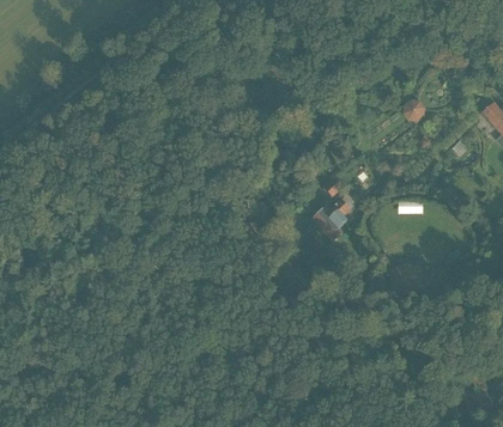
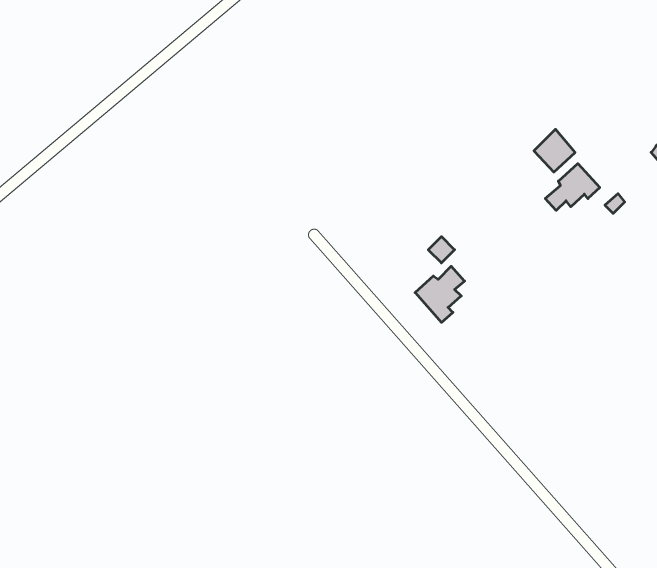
building: none -> [545,164,600,210]

